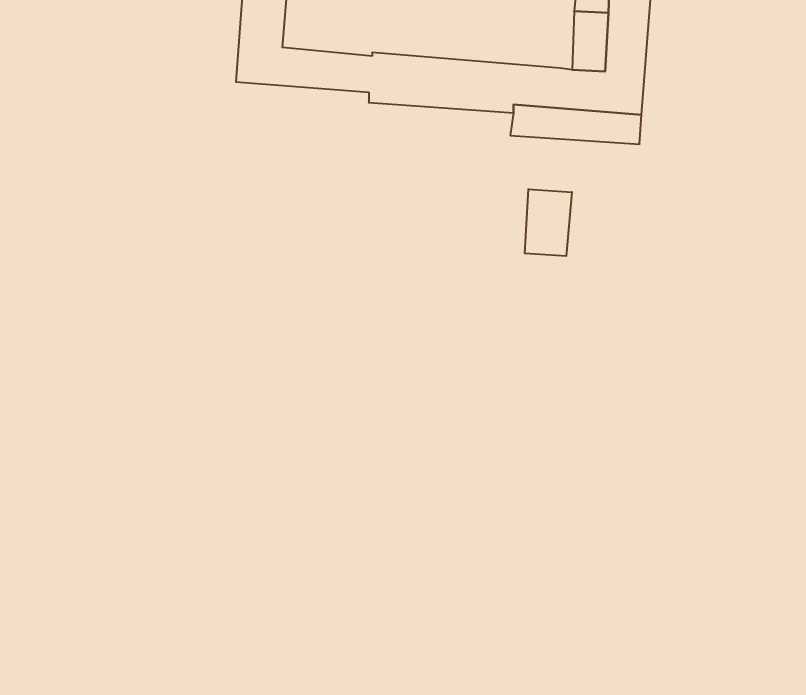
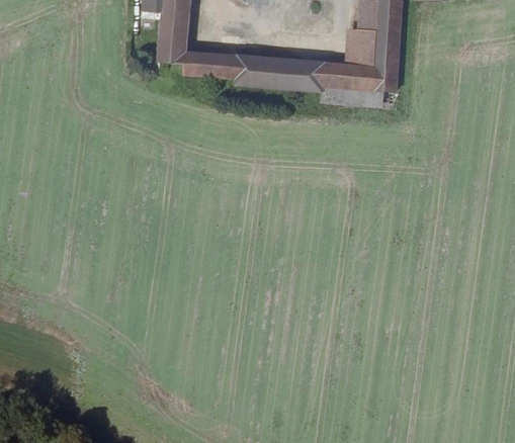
building: [525,189,572,256] -> none

